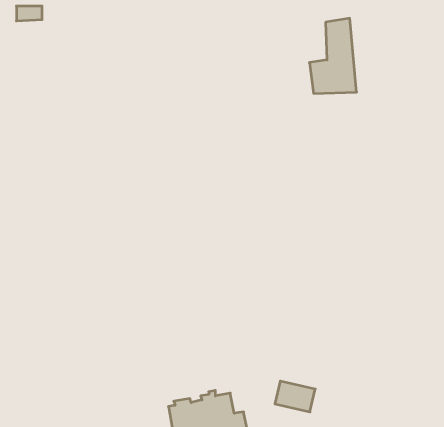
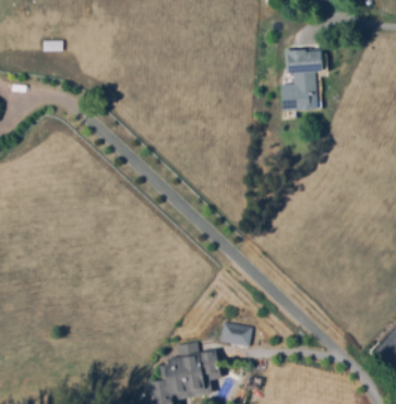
building: [275,381,315,412] -> [218,319,251,344]

